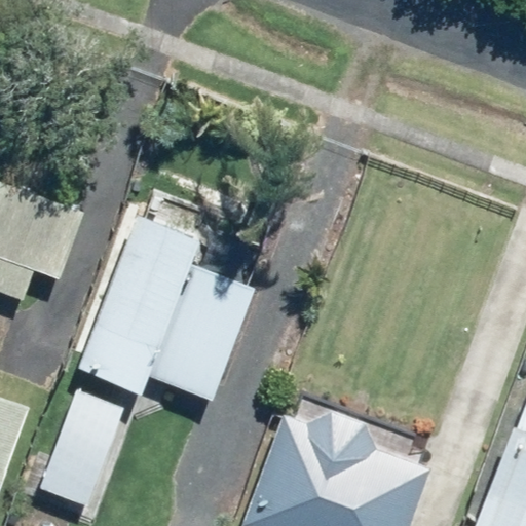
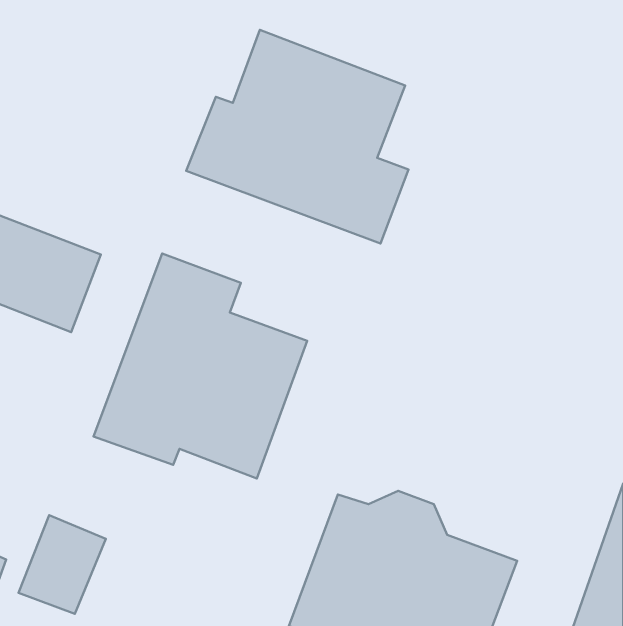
building: none -> [186,30,408,244]

